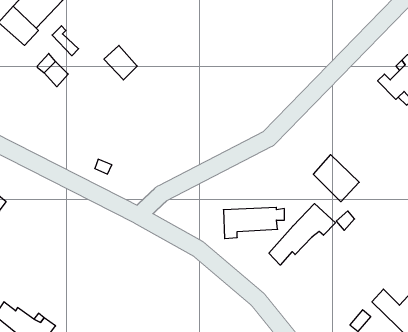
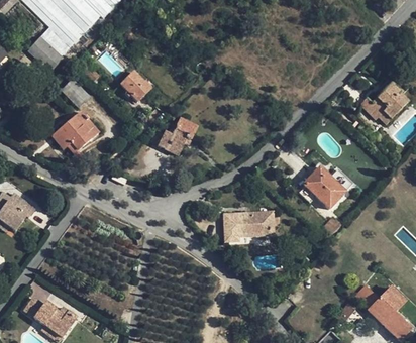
building: none -> [51,111,99,153]
building: none -> [152,117,197,155]
building: [269,204,335,265] -> none

